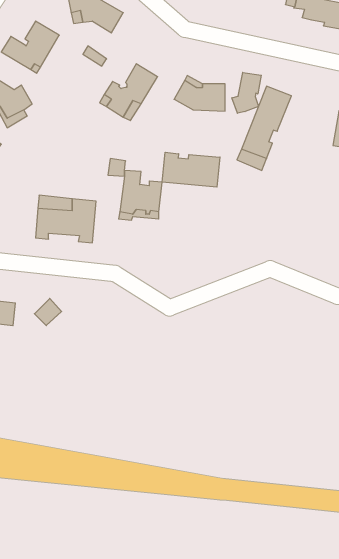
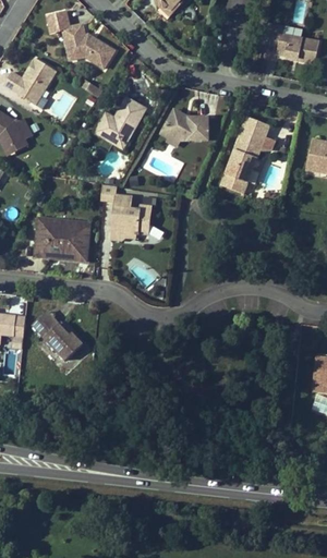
building: [232,72,261,113] -> none
building: [162,152,220,187] -> none
building: none -> [44,324,83,360]

